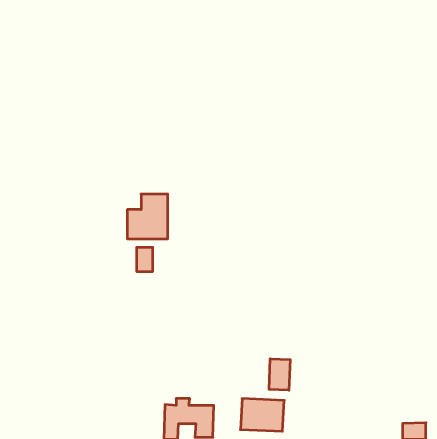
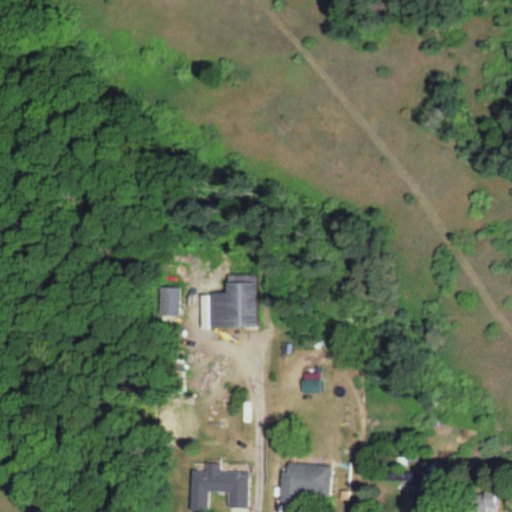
building: [127,194,168,239] -> [208,275,255,327]
building: [269,359,290,390] -> none

